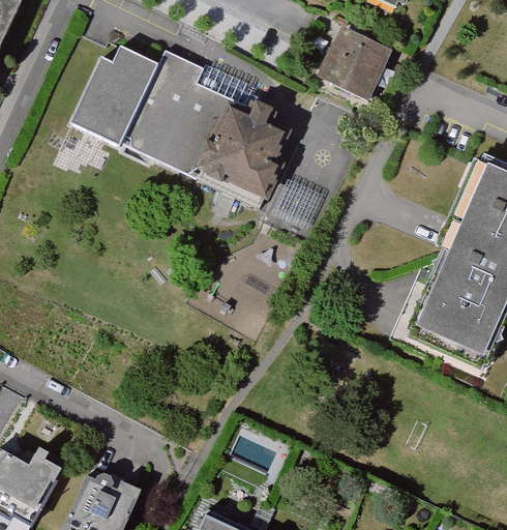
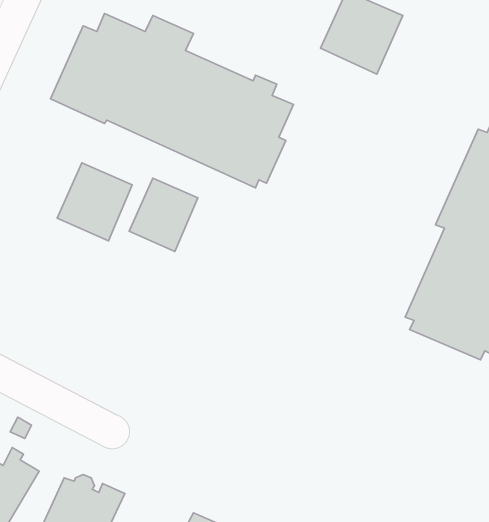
building: none -> [57,163,132,241]
building: none -> [129,178,198,251]

